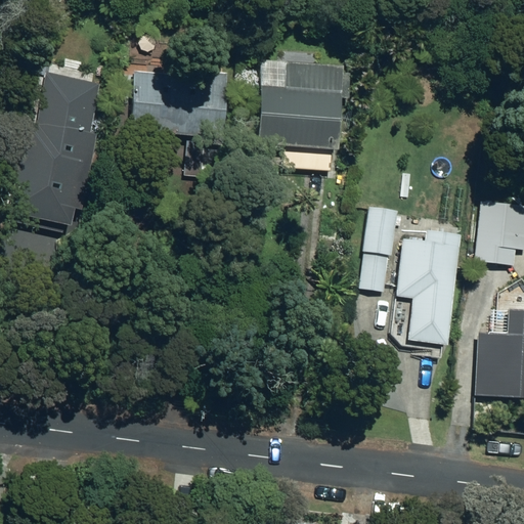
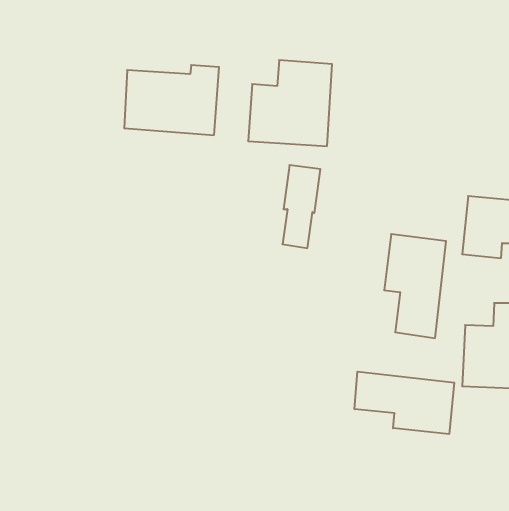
building: [14,70,100,201] -> none
building: [360,207,399,292] -> [282,165,320,248]
building: none -> [355,372,454,434]

